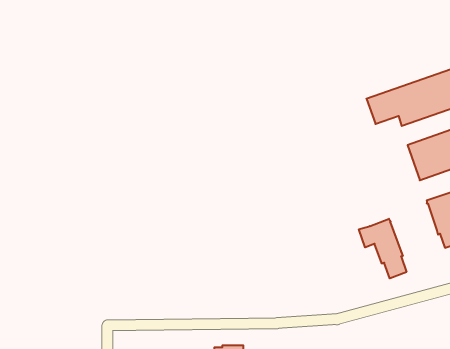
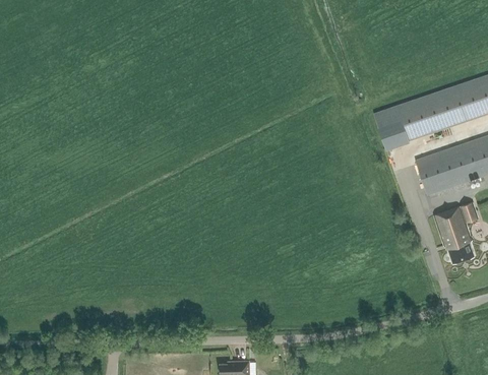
building: [359,219,406,278] -> none

